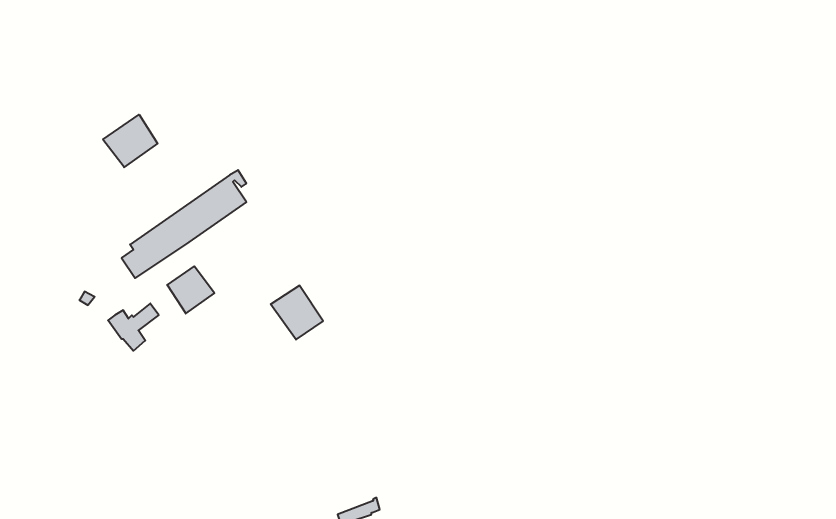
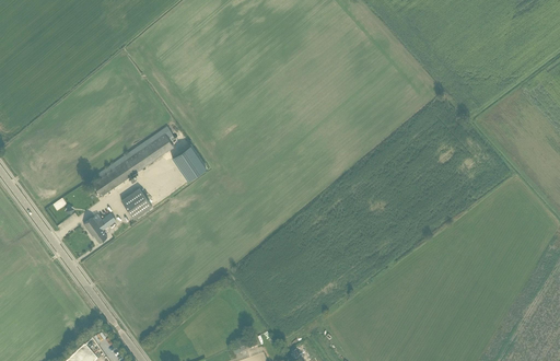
building: [103,115,158,167] -> none
building: [271,286,323,340] -> [172,143,206,178]

